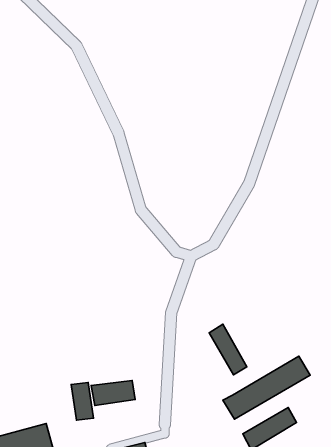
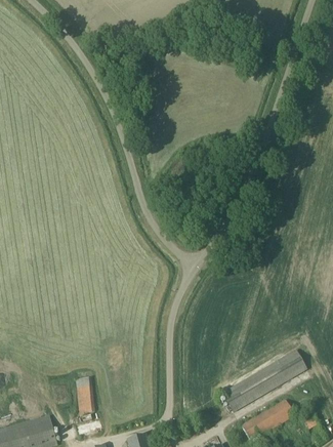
building: [209,324,247,375] -> none
building: [91,381,135,406] -> none

